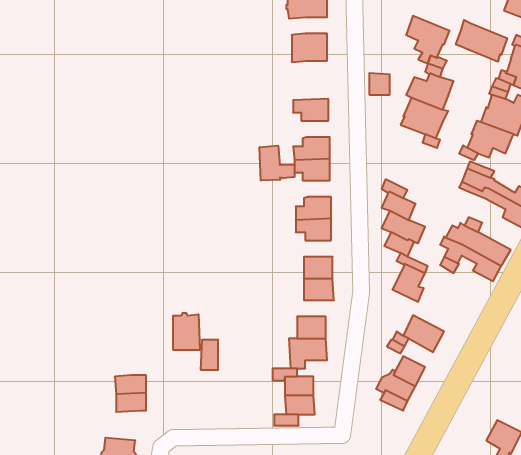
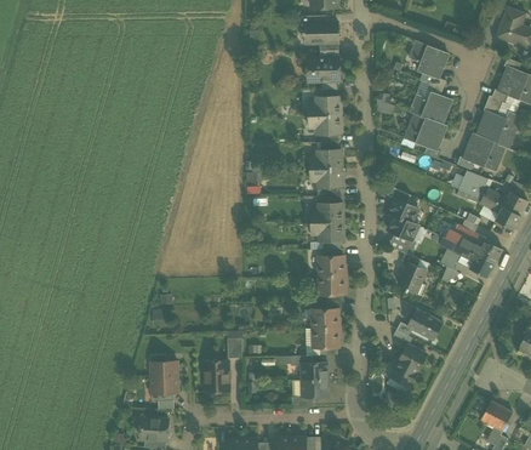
building: [456,20,507,62] -> none
building: none -> [308,96,341,116]
building: [260,146,294,181] -> none
building: [173,313,200,350] -> [205,359,229,392]

